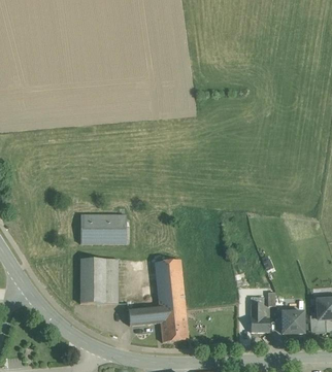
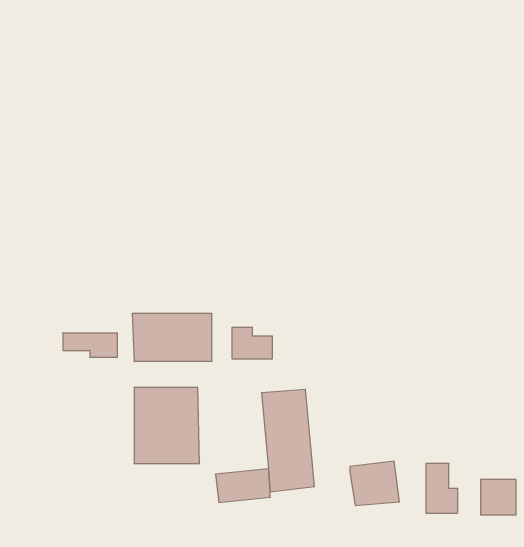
building: none -> [232,327,272,359]
building: none -> [63,333,117,358]
building: [160,315,189,341] -> [350,461,399,505]

